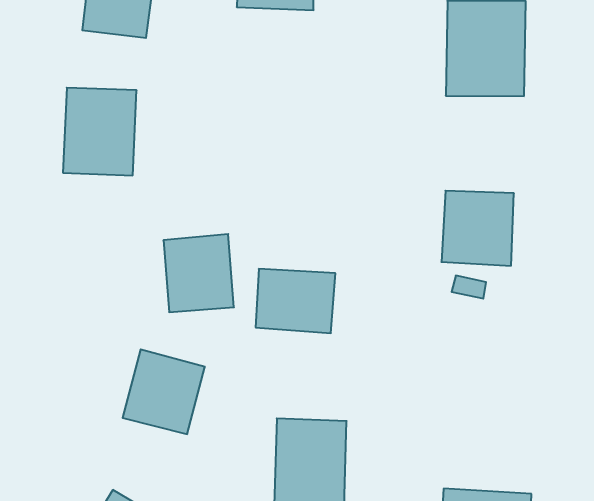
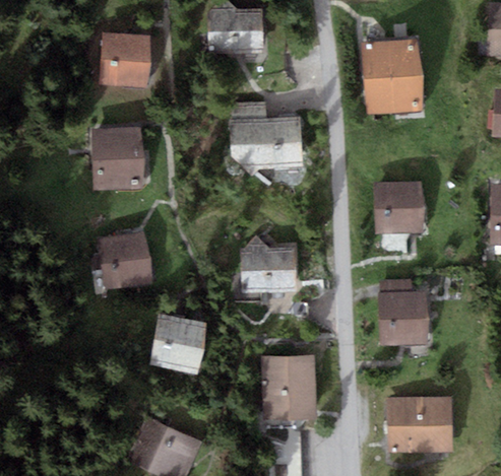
building: none -> [229,117,302,167]
building: [163,234,234,312] -> [97,228,151,288]
building: none -> [379,279,427,344]

